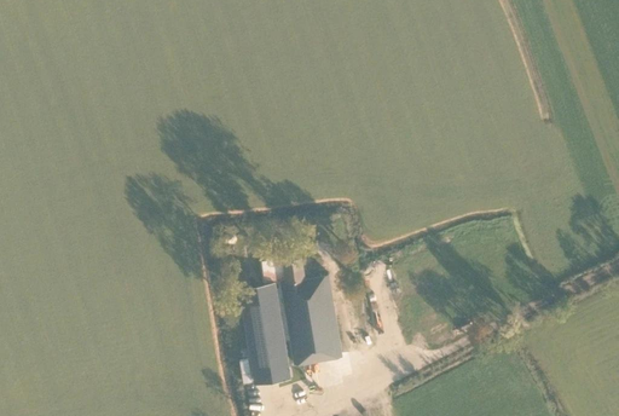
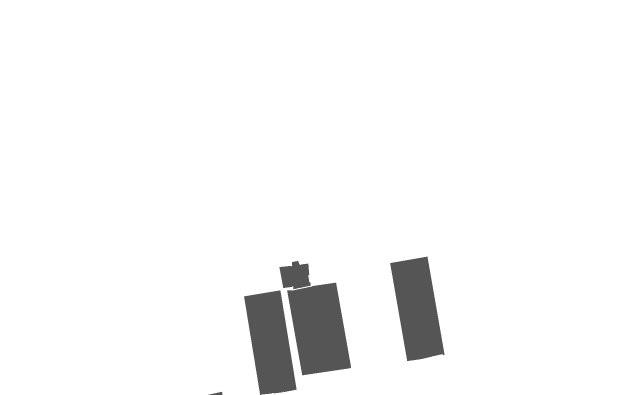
building: none -> [389,256,445,362]

